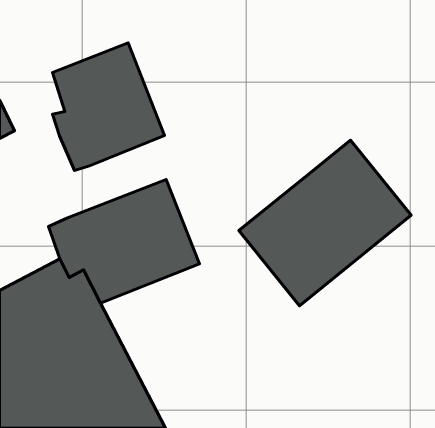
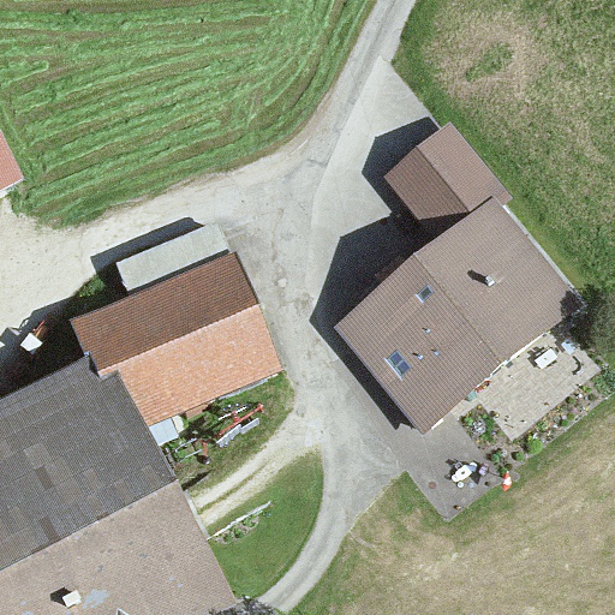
building: [52,43,164,170] -> none
building: none -> [380,117,507,244]

